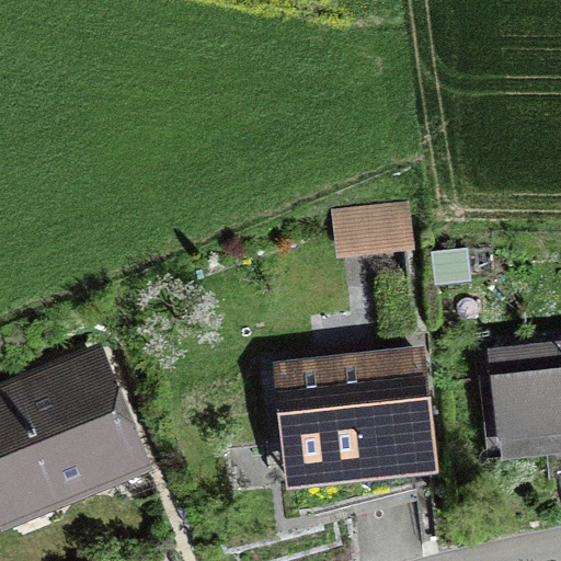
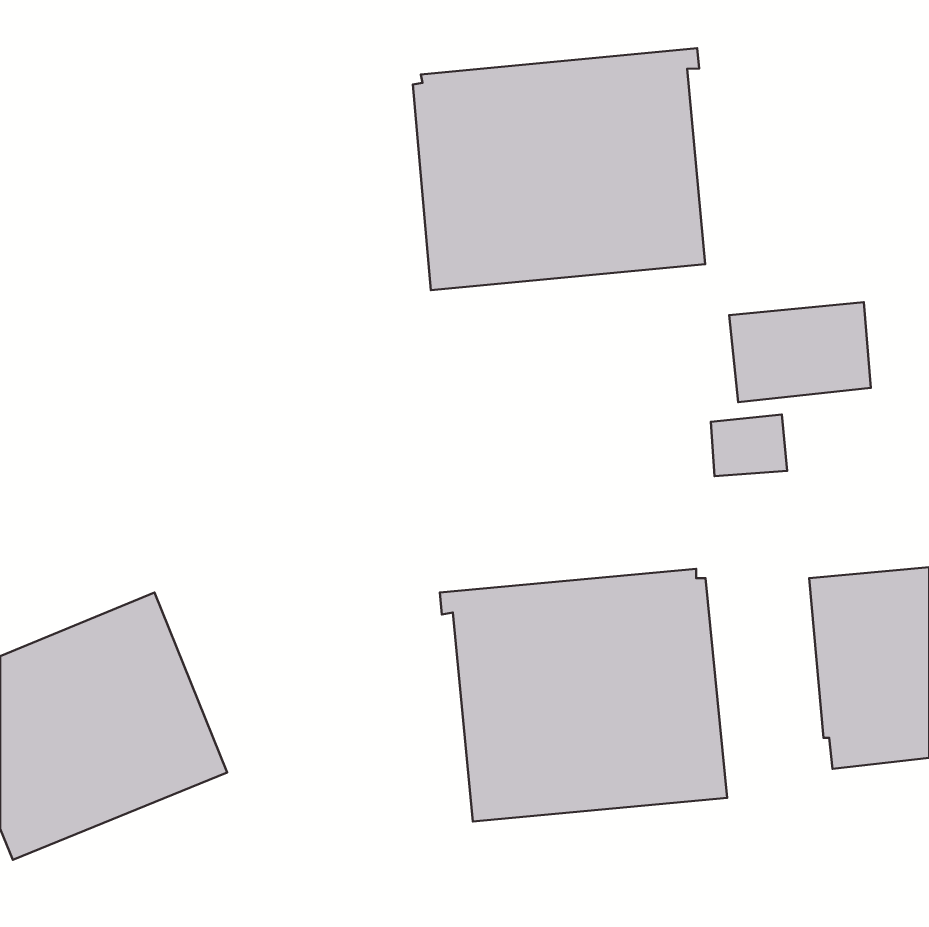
building: none -> [413,48,705,290]
building: [330,199,415,260] -> [729,302,871,402]

